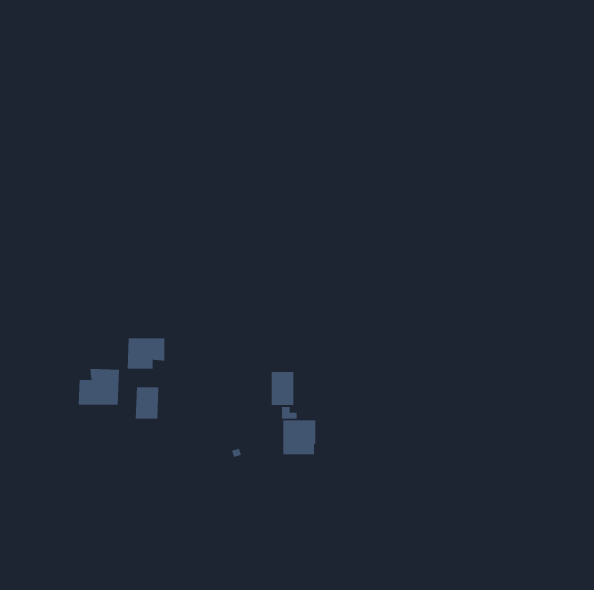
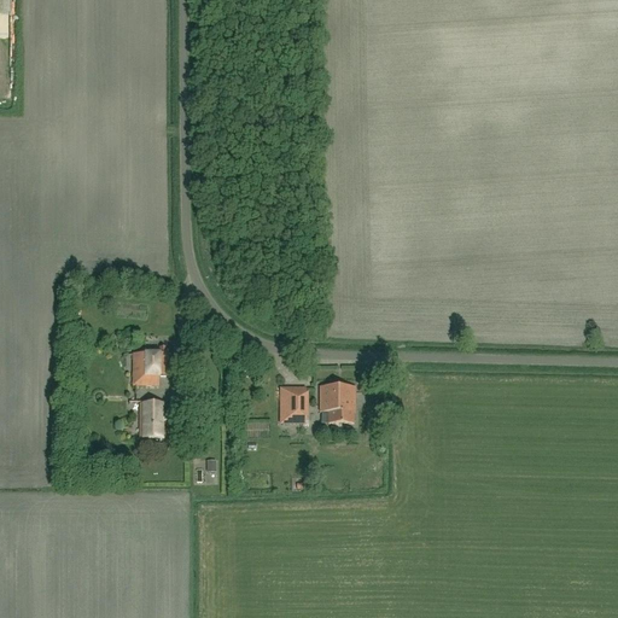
building: [78,368,120,406] -> none
building: [282,420,316,455] -> [320,385,355,421]

